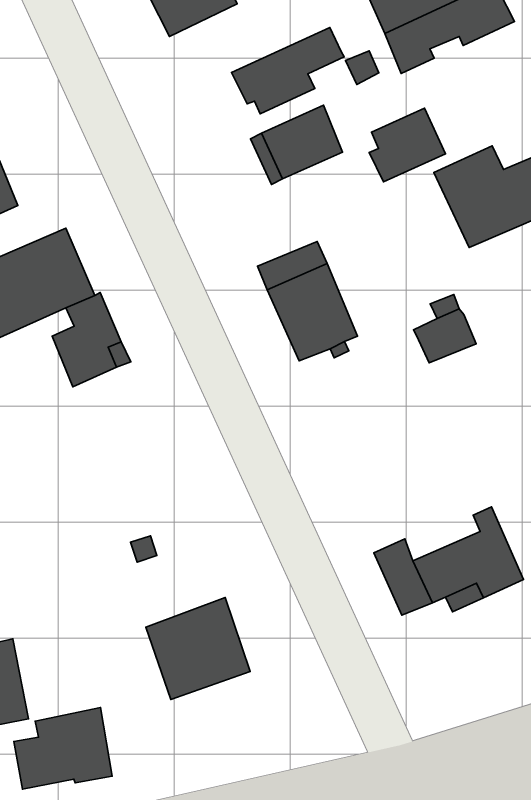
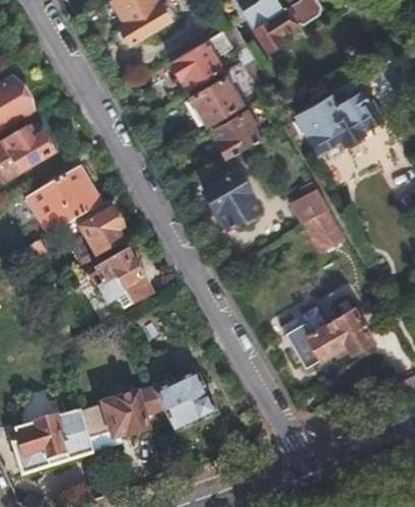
building: [369,108,445,182] -> [214,110,259,155]
building: none -> [302,205,347,249]
building: none -> [93,247,150,306]
building: [14,707,112,789] -> [87,389,147,442]

